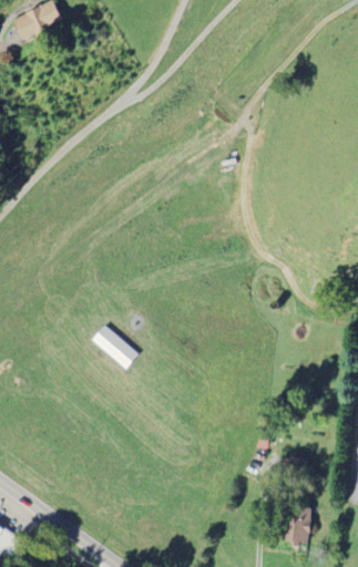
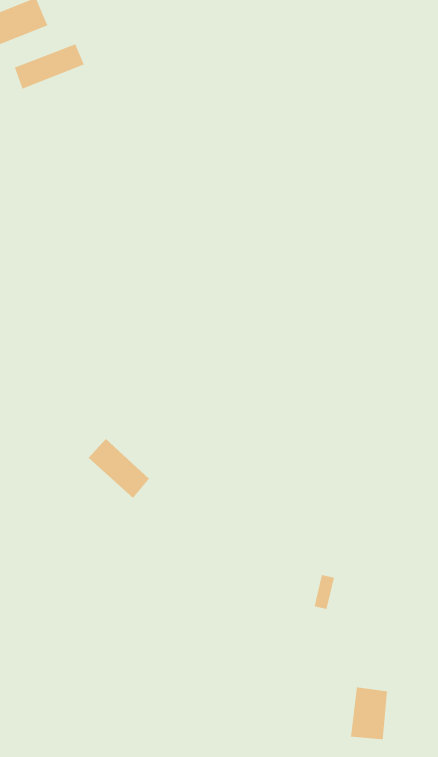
building: none -> [14,44,85,90]

